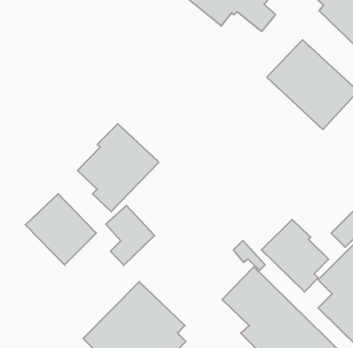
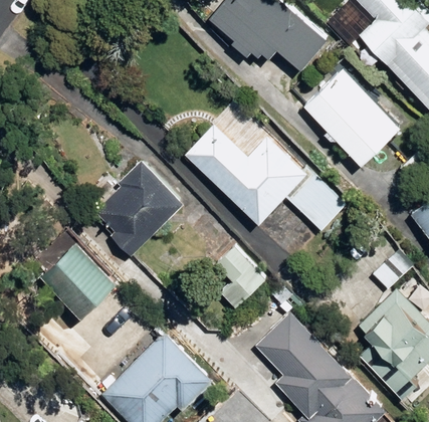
building: none -> [182,125,345,234]
building: [106,205,154,265] -> [210,250,262,314]
building: [261,220,329,292] -> none

